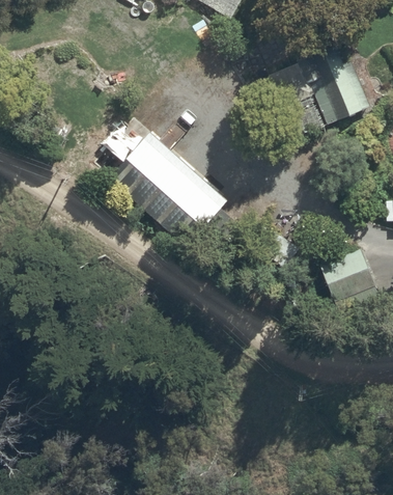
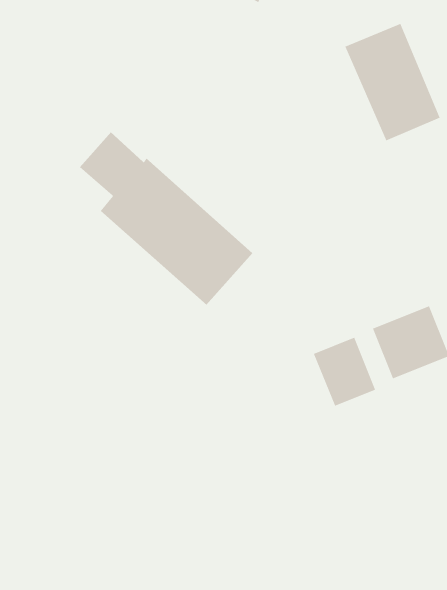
building: none -> [313,337,376,407]

